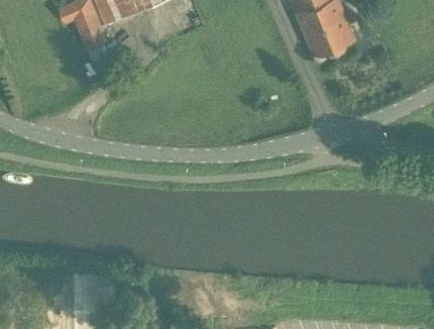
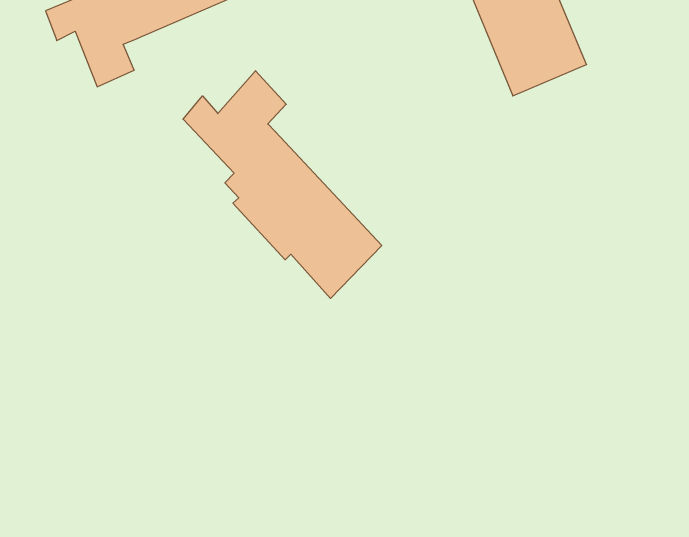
building: none -> [183,71,382,298]

